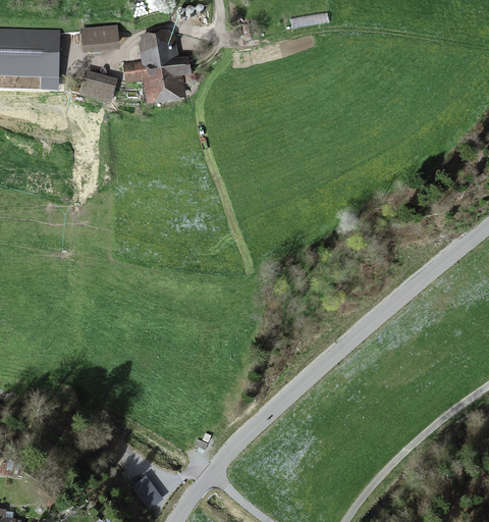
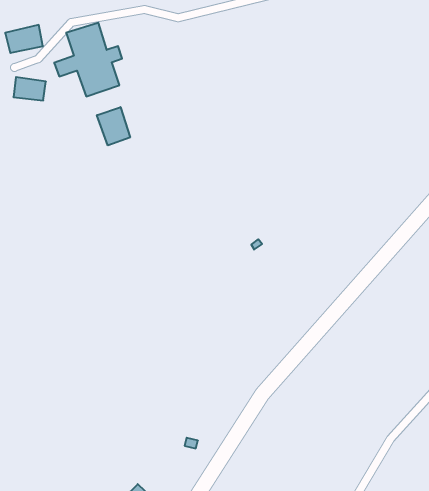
building: none -> [97,107,130,145]

